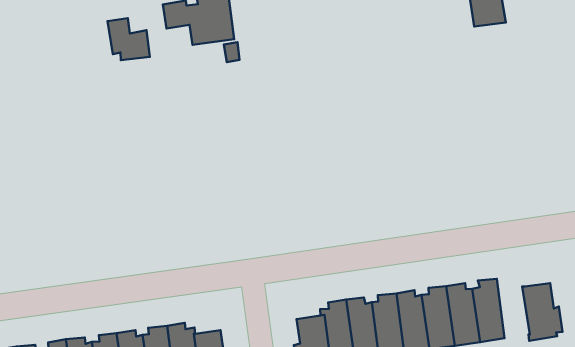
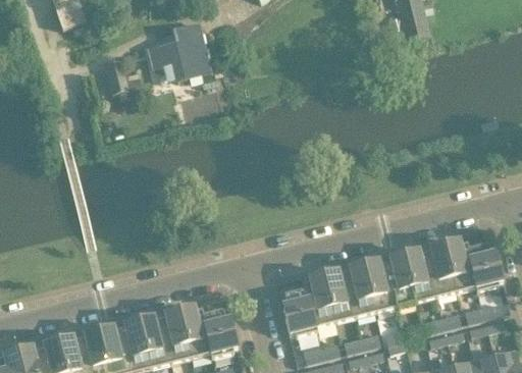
building: none -> [445,239,476,291]

